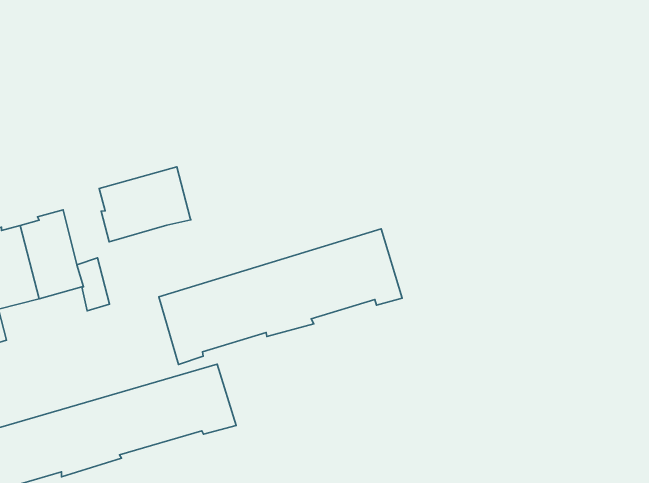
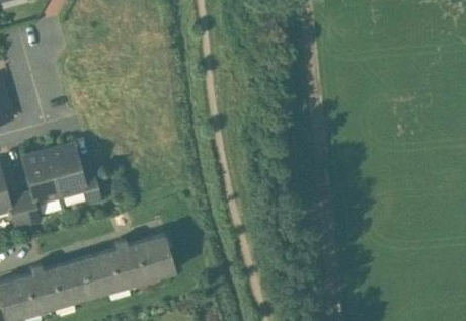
building: [99,167,191,242] -> none
building: [159,229,402,365] -> none

